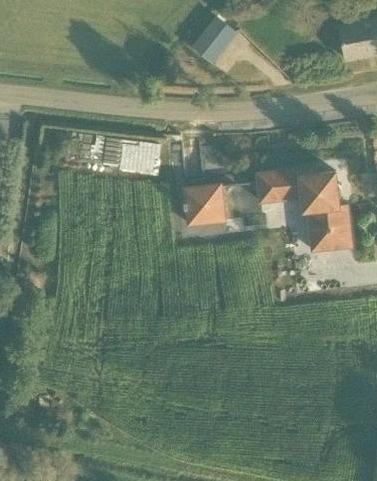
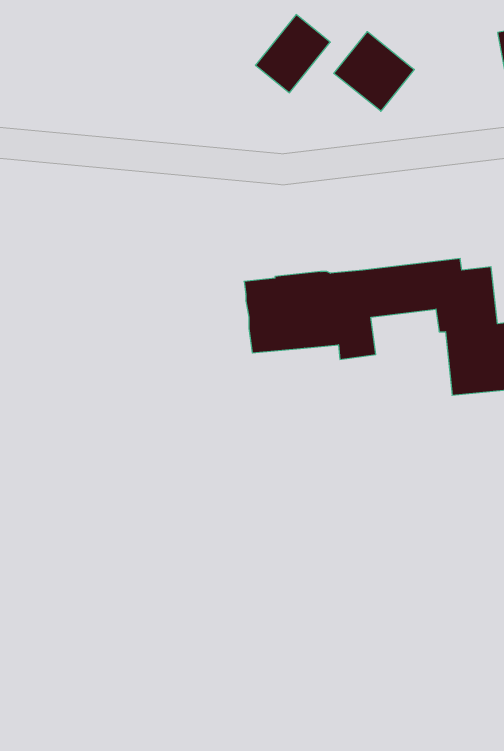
building: none -> [334,32,414,111]

